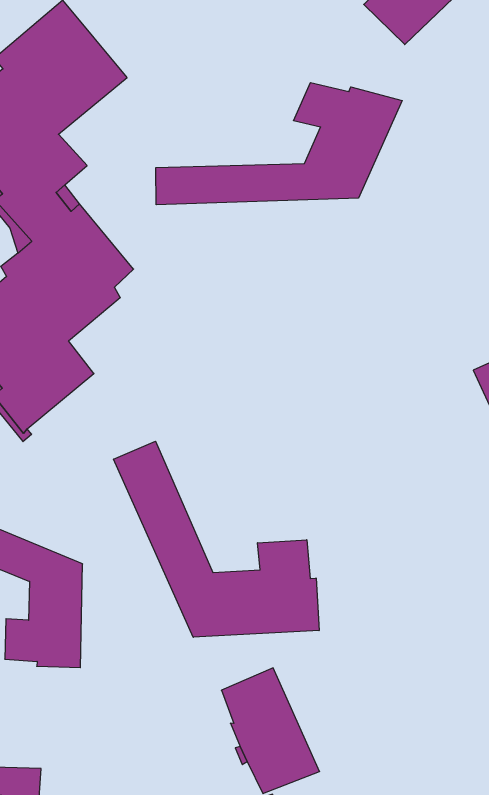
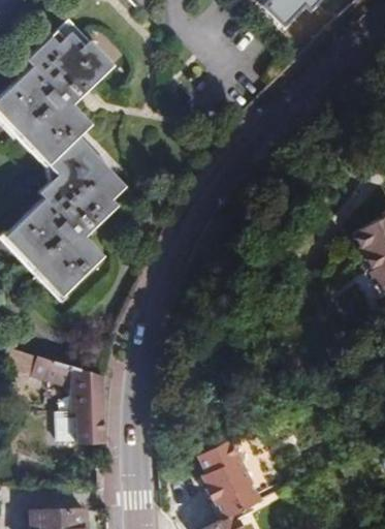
building: [156,83,402,205] -> none
building: [114,441,319,637] -> none

